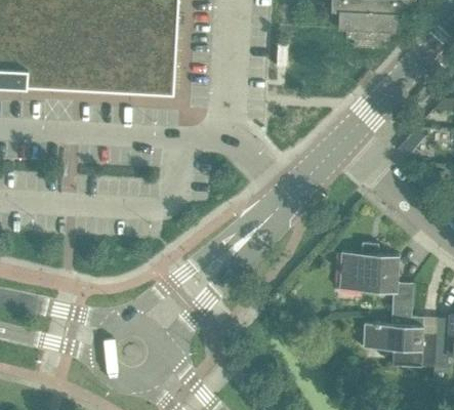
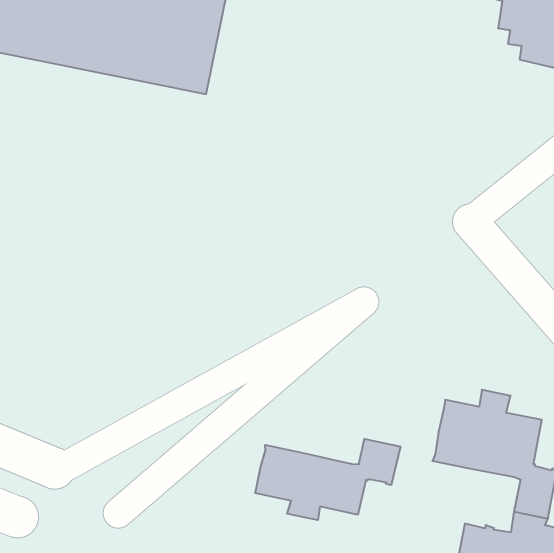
building: none -> [255,439,400,520]

